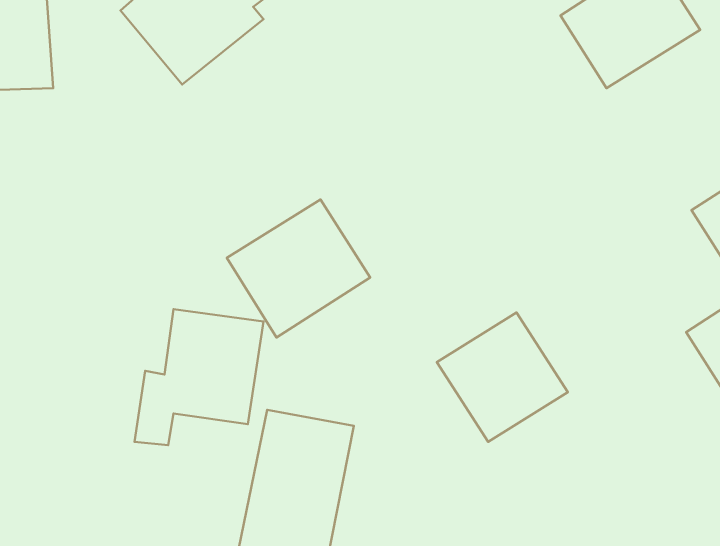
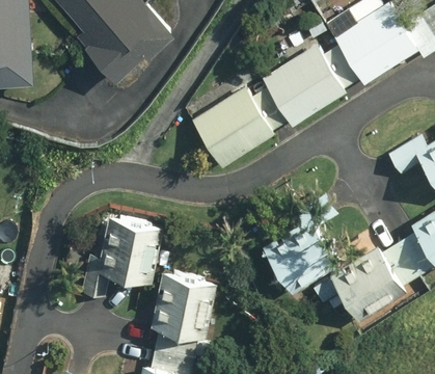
building: none -> [261,47,347,128]
building: [227,200,370,338] -> [191,88,275,169]
building: none -> [328,247,406,322]

